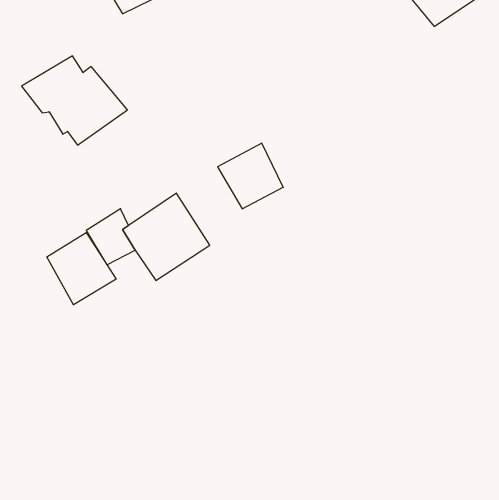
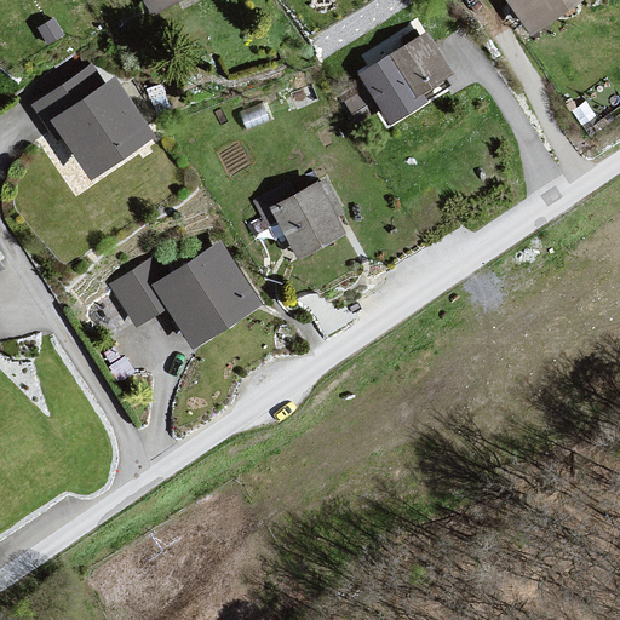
building: none -> [360,31,449,120]
building: [47,233,116,305] -> none

